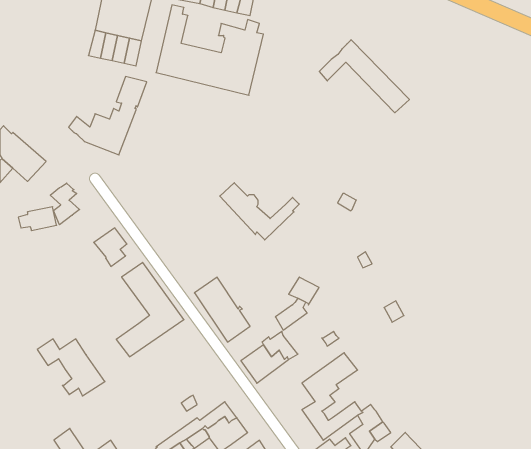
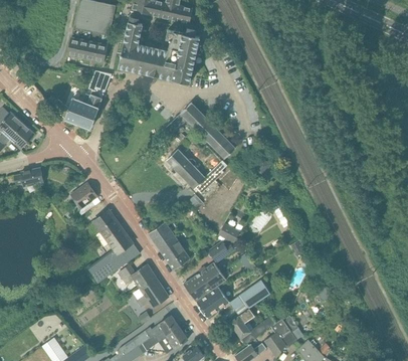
building: [319,40,409,113] -> [167,103,235,158]
building: [50,183,80,225] -> none
building: [37,339,105,396] -> [118,264,169,308]
building: none -> [196,287,229,318]

